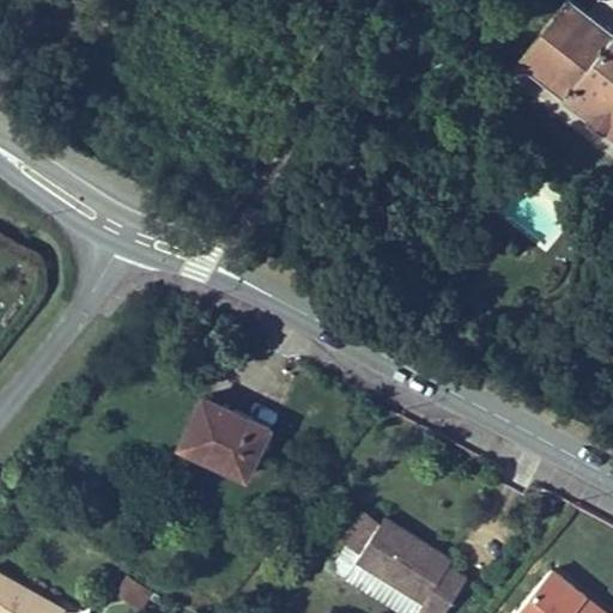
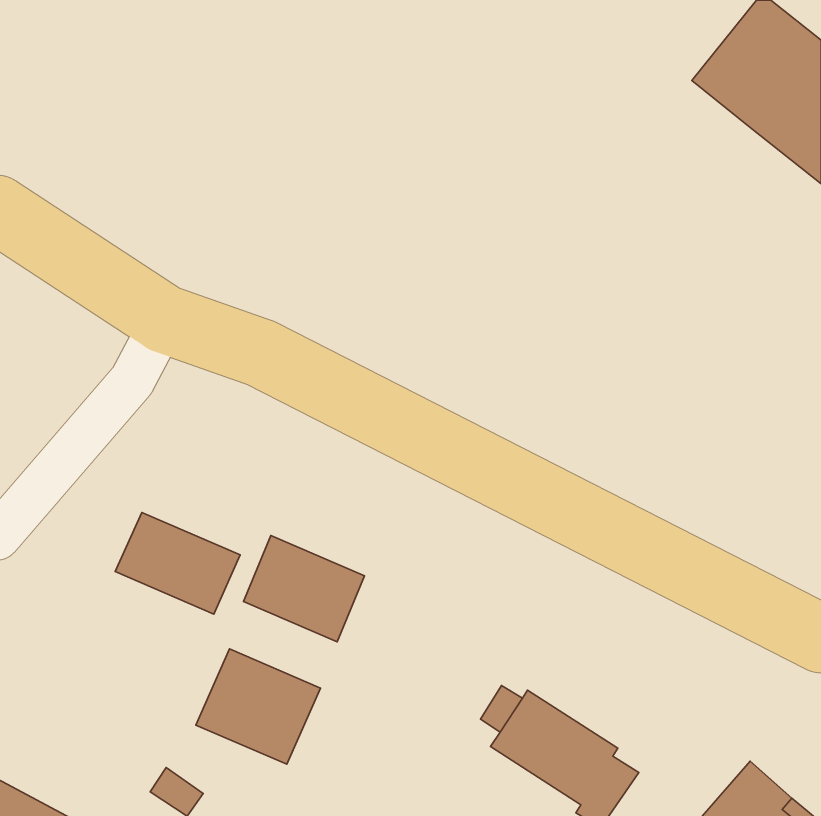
building: none -> [115,512,240,614]
building: none -> [196,649,321,764]

